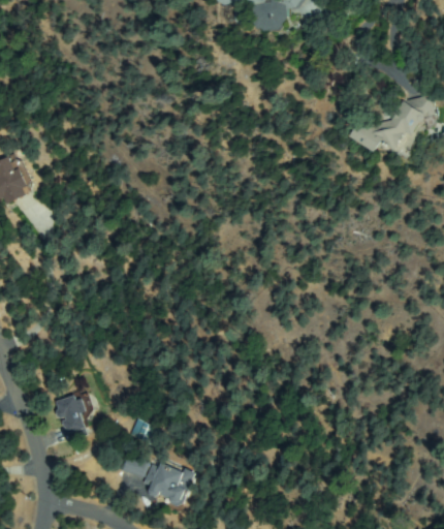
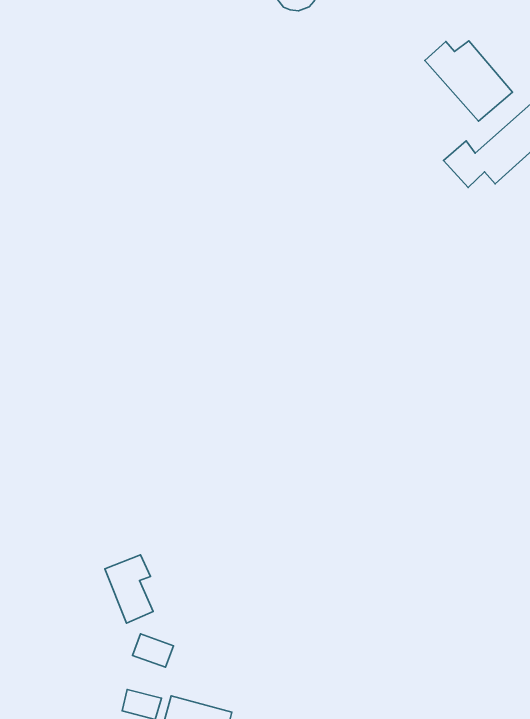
building: none -> [425,41,512,121]
building: [58,397,87,440] -> [105,555,153,623]

